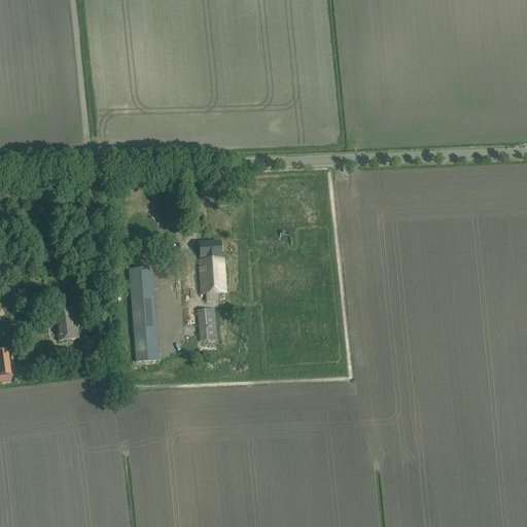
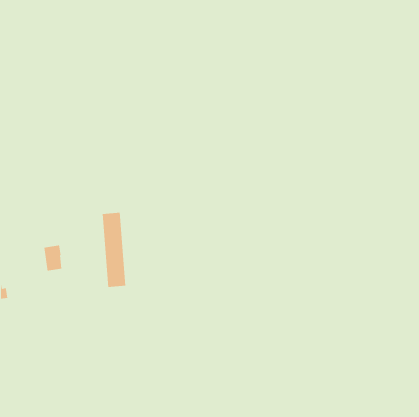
building: [199,241,226,293] -> none
building: [197,308,216,341] -> none

